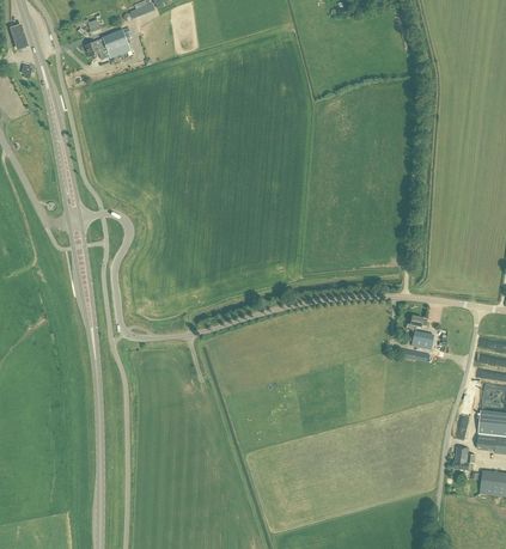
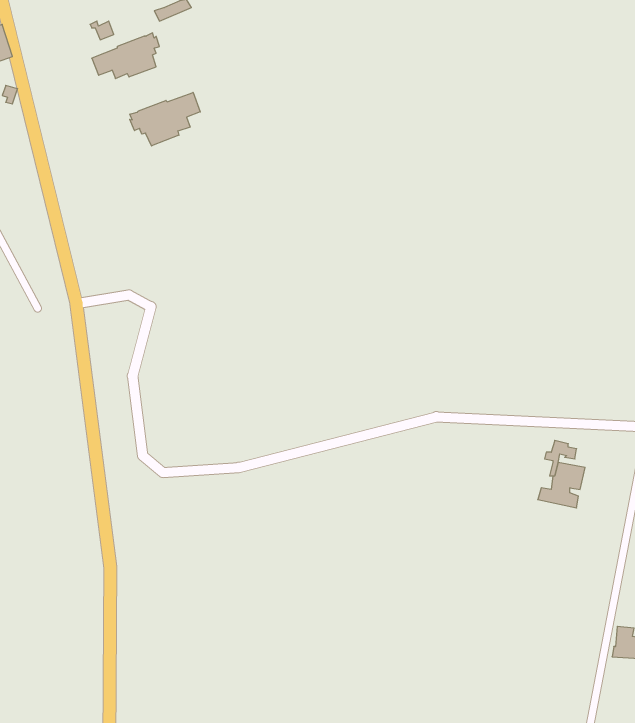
building: none -> [130,92,200,146]

